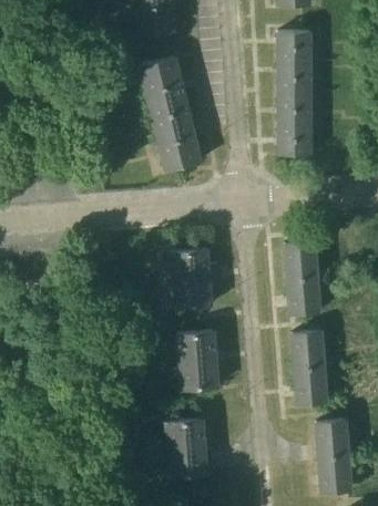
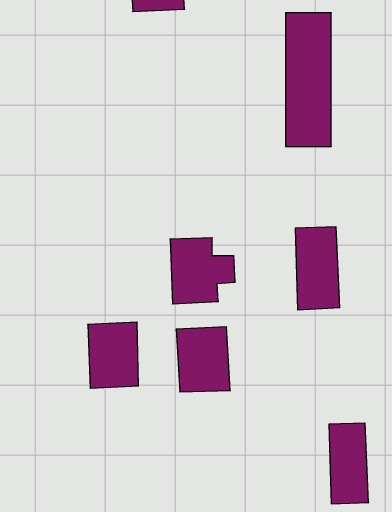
building: [136,61,203,172] -> none
building: [288,328,325,402] -> none
building: [164,415,211,476] -> [88,322,138,388]

